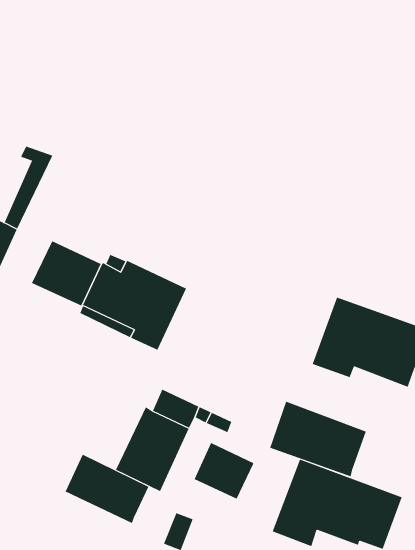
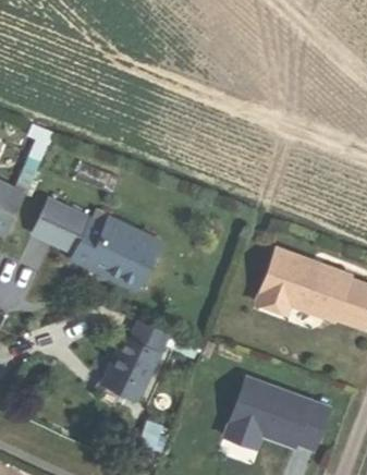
building: [269,401,366,477] -> none
building: [194,442,255,499] -> none
building: [65,454,149,524] -> none

